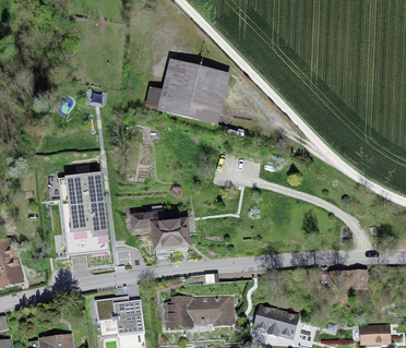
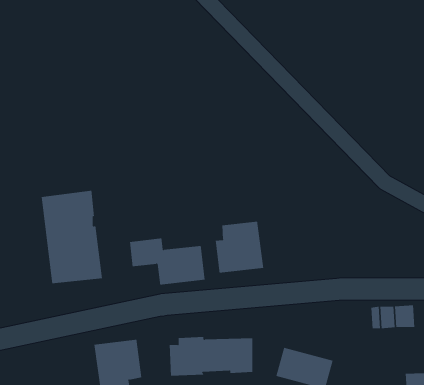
building: [145,61,226,122] -> none
building: none -> [215,221,264,274]

